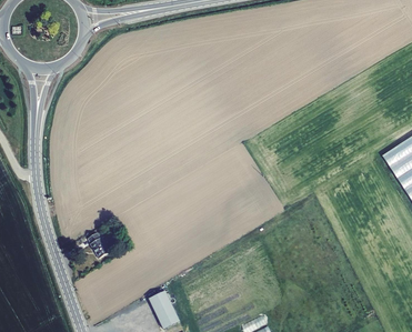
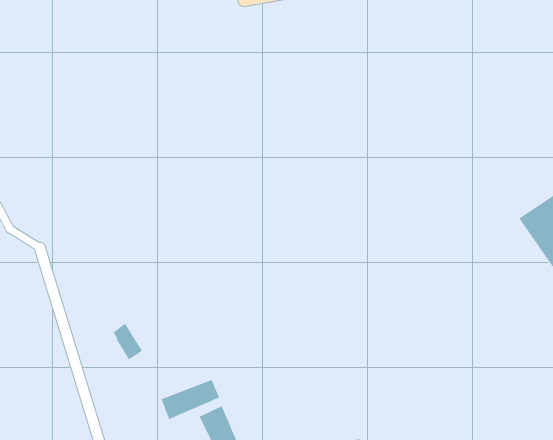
building: none -> [161,379,220,420]

